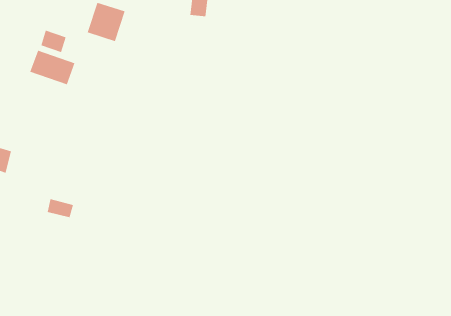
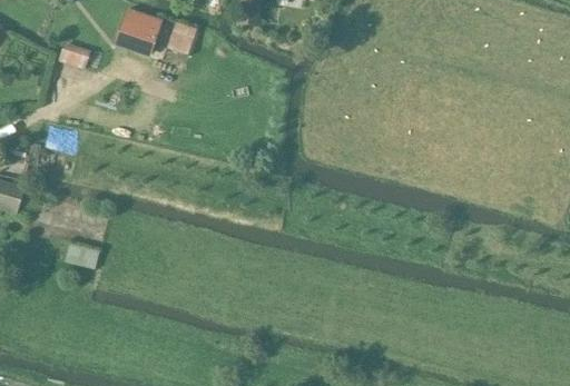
building: none -> [167,21,197,55]
building: [30,50,75,85] -> none

